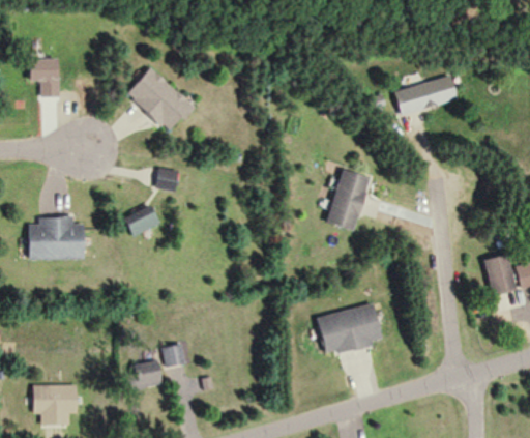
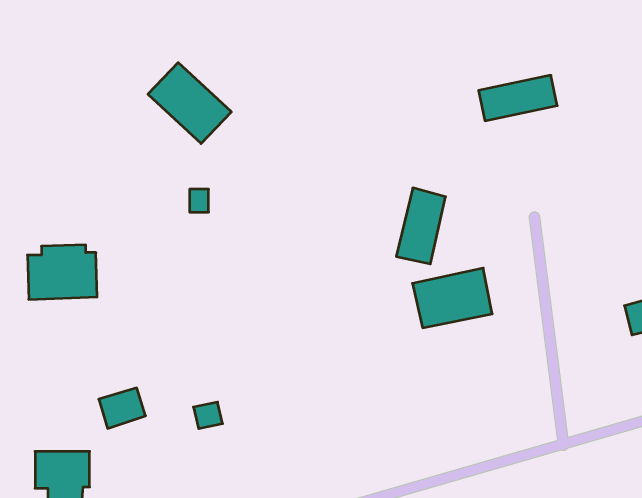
building: [27,57,59,96] -> none
building: [124,204,161,236] -> none
building: [482,253,516,295] -> none
building: [316,304,381,353] -> [412,268,492,328]
building: [125,358,164,391] -> [99,388,146,428]

